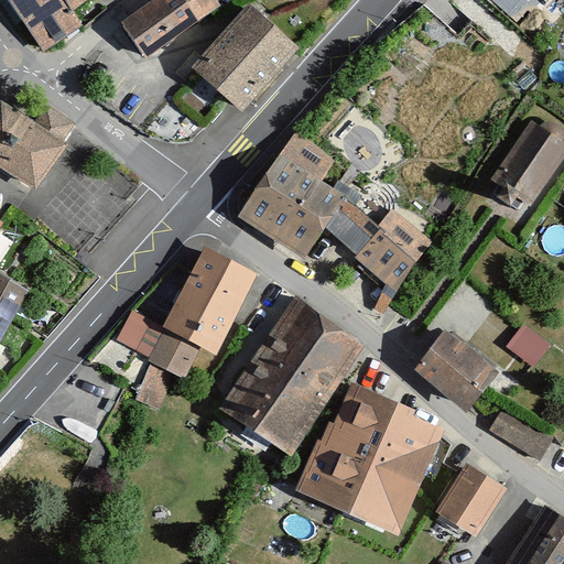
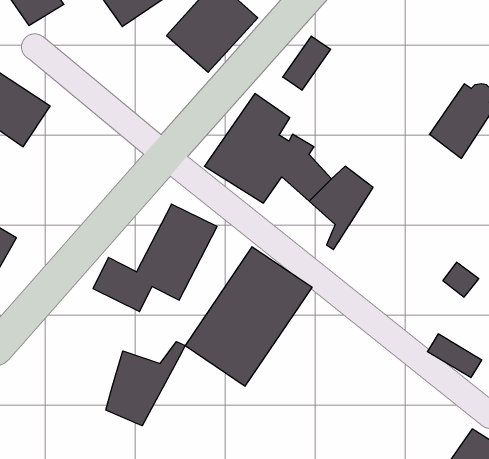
building: none -> [283,36,331,90]
building: [417,328,497,405] -> none
building: [296,388,444,536] -> none
building: none -> [106,342,185,426]
building: [437,462,506,533] -> none

